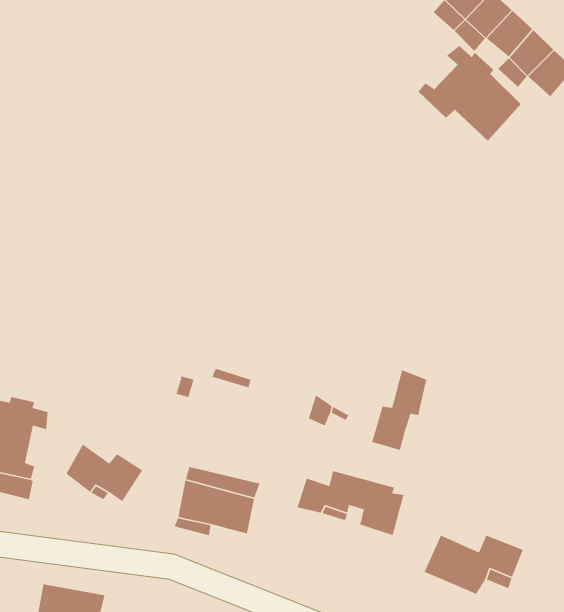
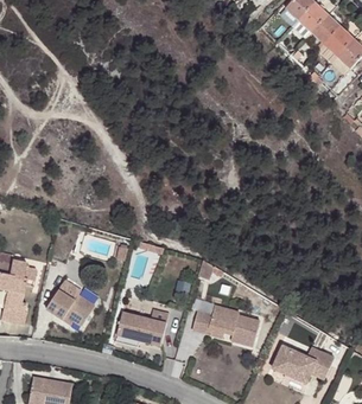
building: [418,45,522,141] -> none
building: [371,369,427,451] -> none

